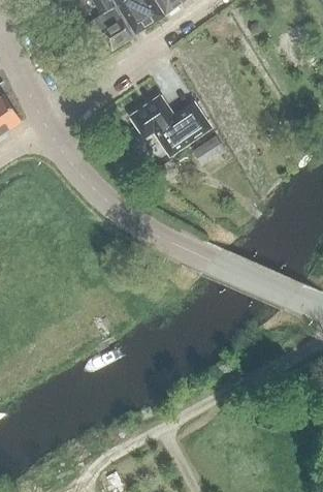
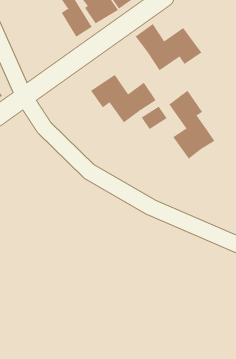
building: none -> [135,23,202,71]
building: none -> [169,90,215,160]

